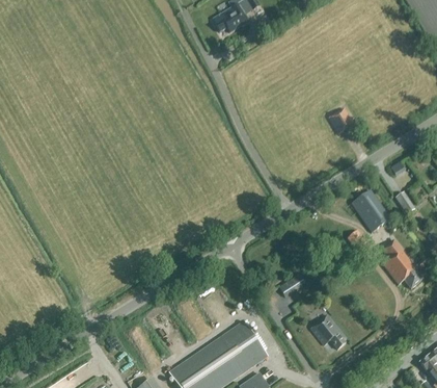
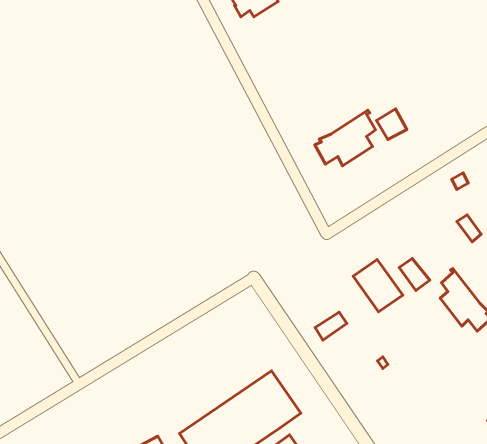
building: none -> [315,110,375,166]
building: [351,188,391,231] -> [353,260,403,312]
building: [310,314,346,348] -> none

